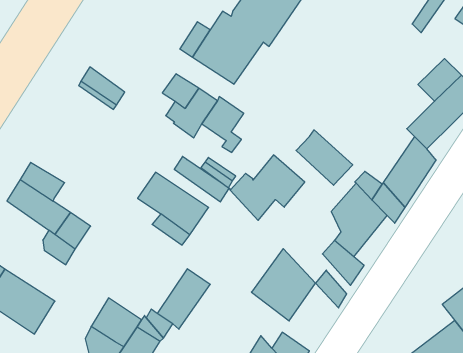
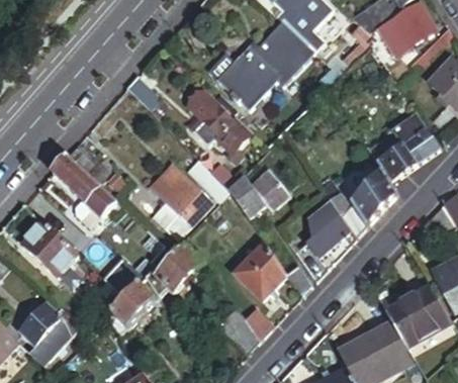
building: [296,130,353,185] -> none

